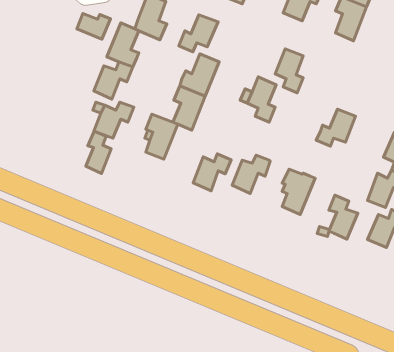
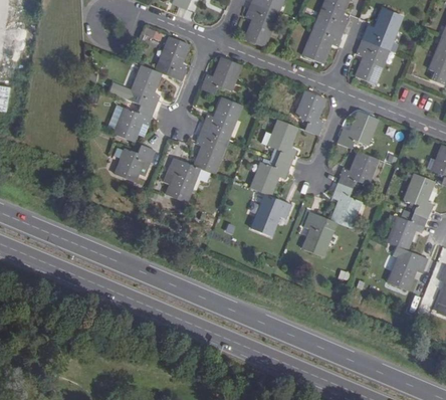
building: [77,14,111,39] -> none
building: none -> [338,111,377,148]
building: [86,131,111,174] -> none
building: [193,154,231,191] -> [252,158,290,195]
building: [329,195,358,239] -> [331,182,361,226]

